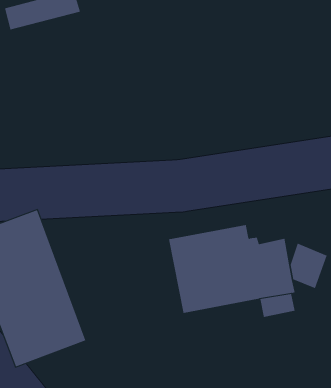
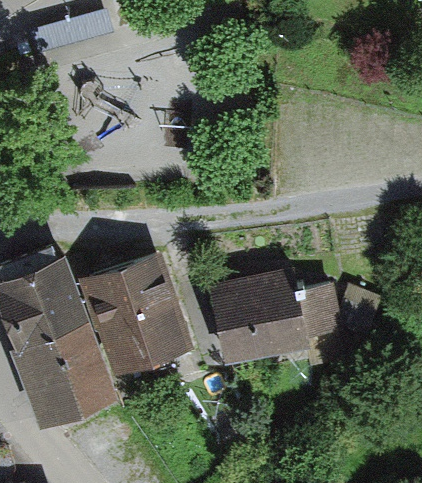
building: none -> [79,253,193,376]

